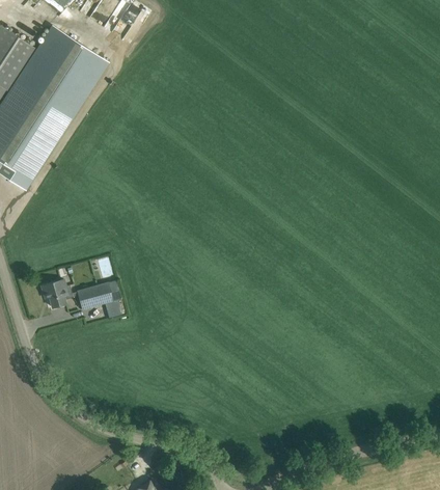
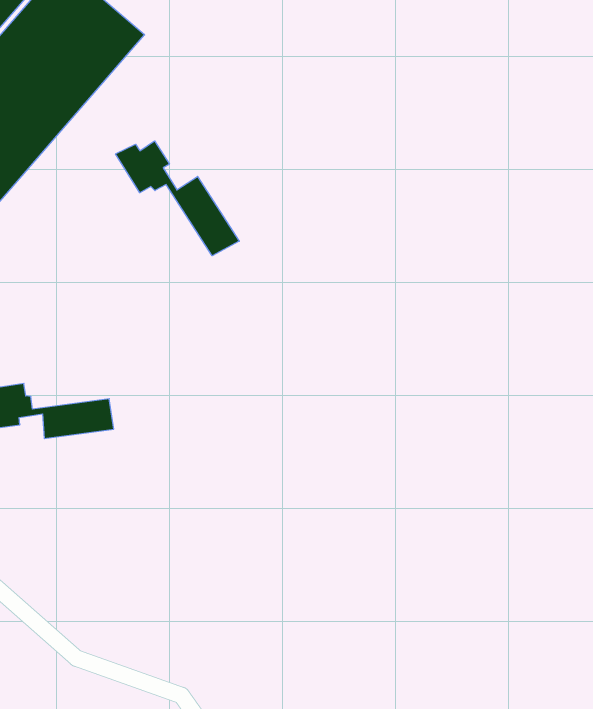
building: none -> [116,141,239,256]

